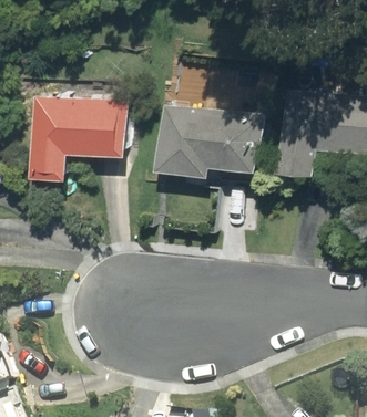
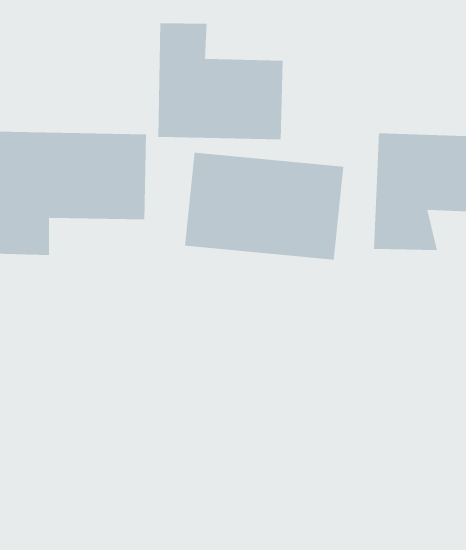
building: none -> [158,23,283,140]

